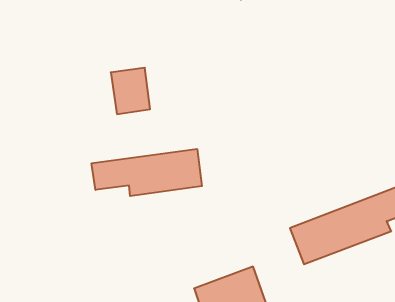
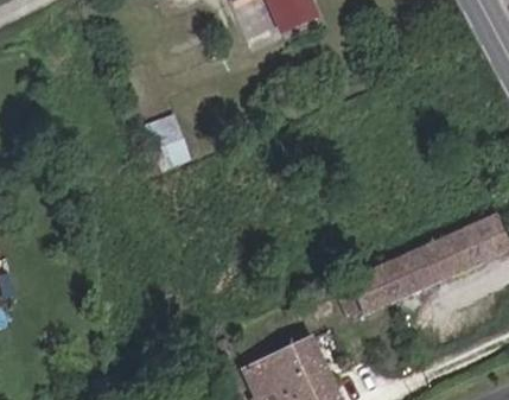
building: [92,149,202,196] -> none

